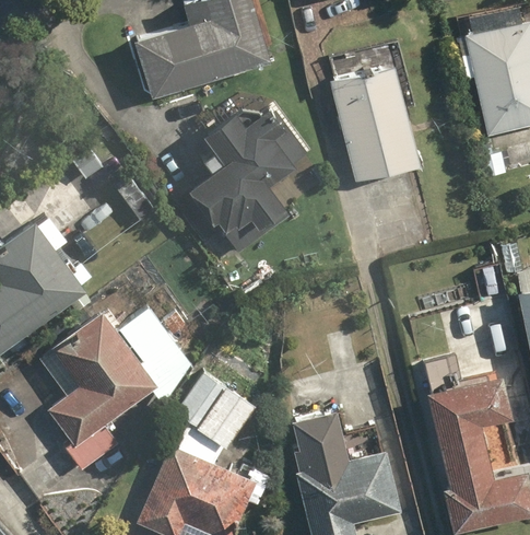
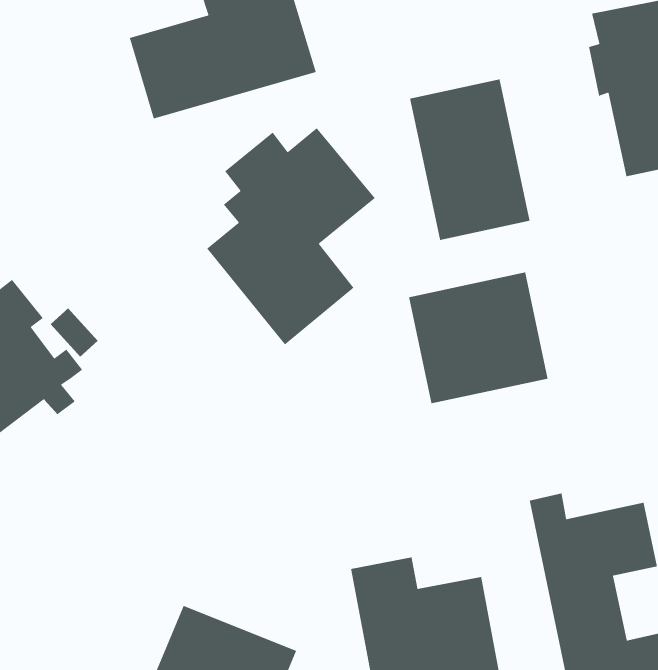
building: none -> [408,272,548,404]
building: [44,307,196,472] -> none
building: [174,373,251,449] -> none

